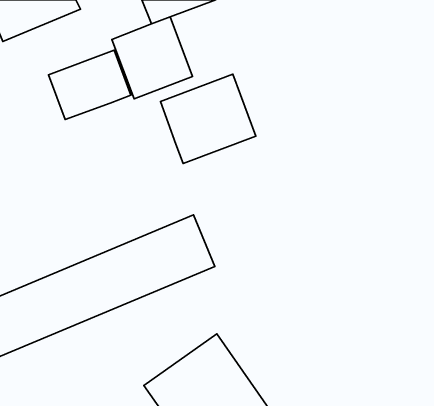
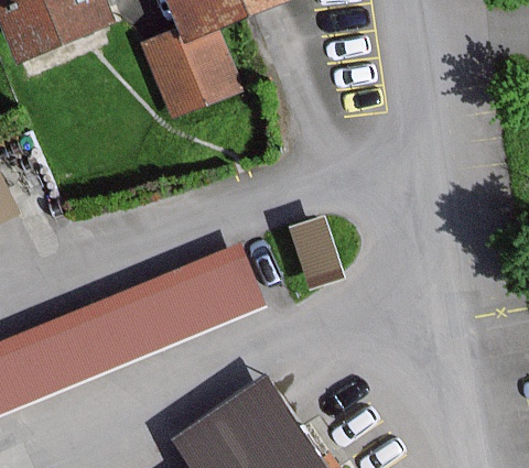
building: [48,50,131,120] -> none
building: [160,74,256,163] -> none

